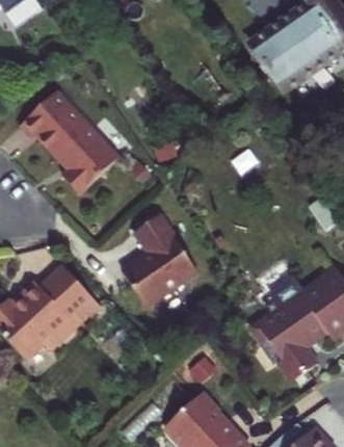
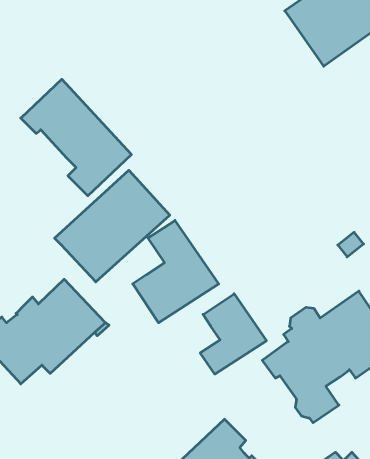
building: none -> [55,170,170,282]
building: none -> [200,294,266,374]

